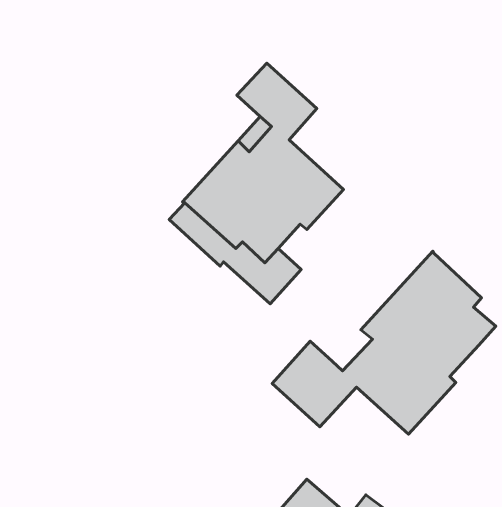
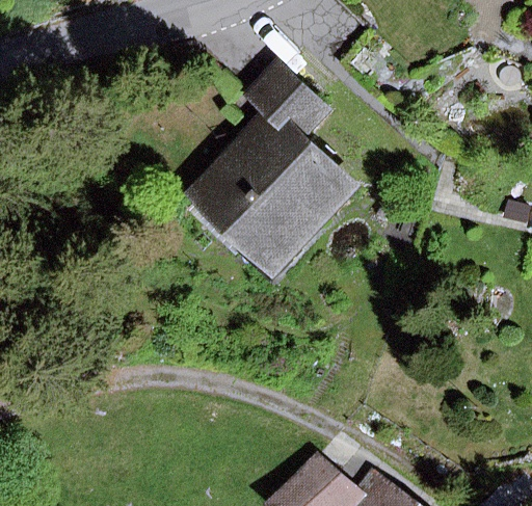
building: [272,251,496,434] -> none

